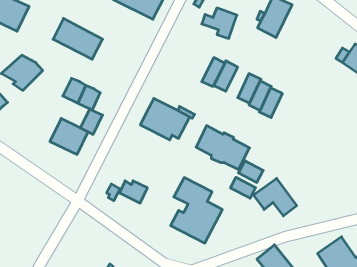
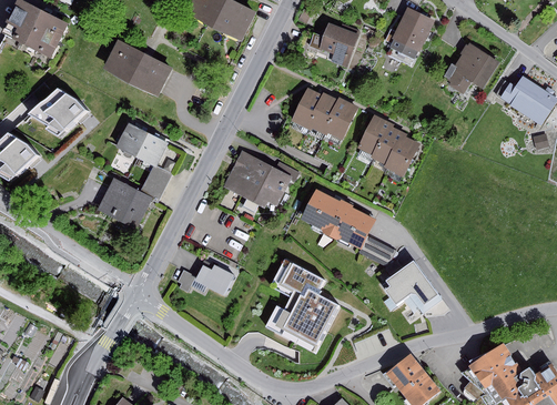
building: none -> [443,42,499,94]
building: none -> [291,88,324,129]
building: [231,177,256,198] -> none

